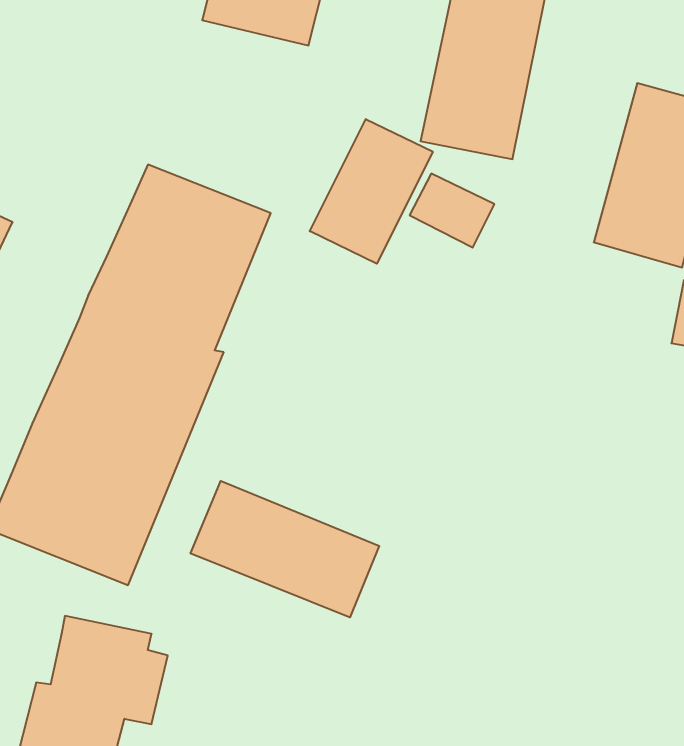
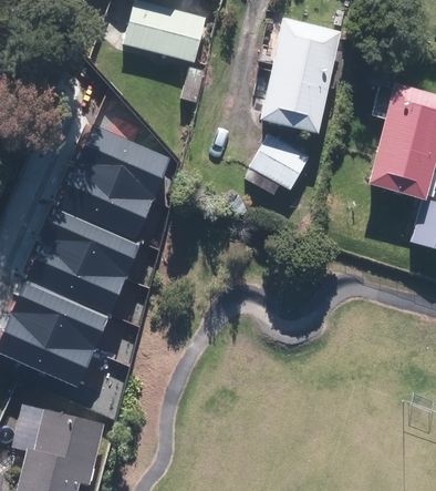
building: [310,119,433,264] -> none
building: [191,481,379,617] -> none

